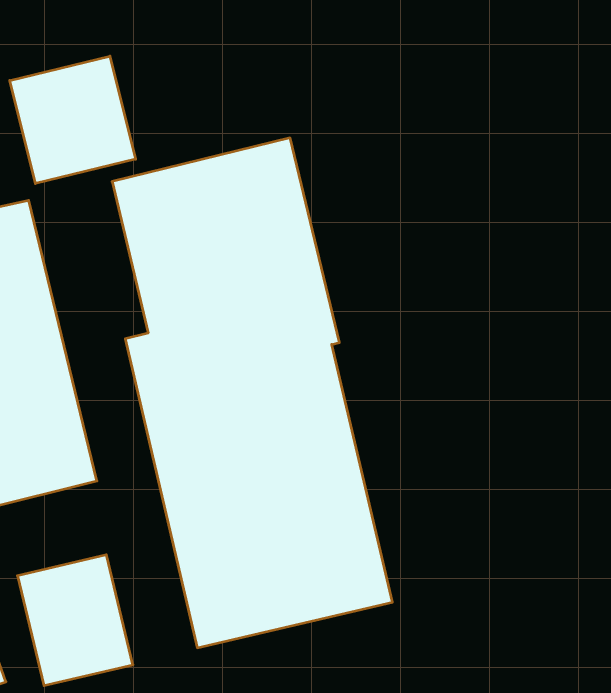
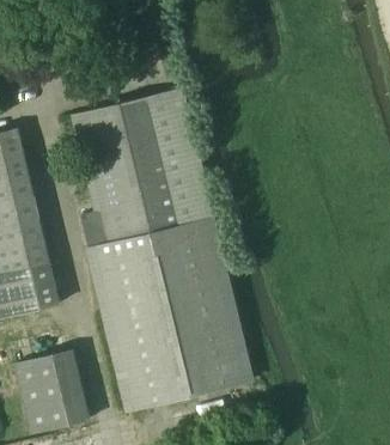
building: [10,56,136,184] -> none

